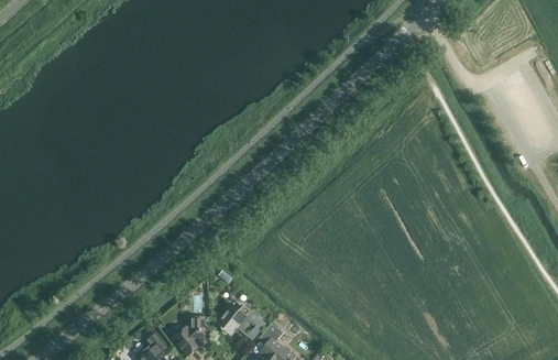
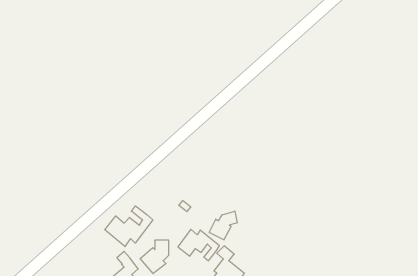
building: none -> [105,206,153,247]
building: none -> [209,211,237,240]

